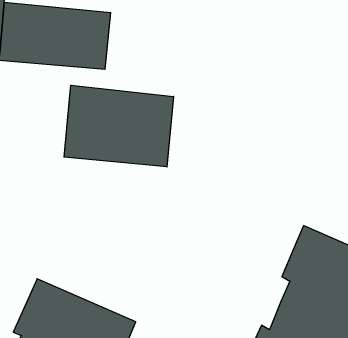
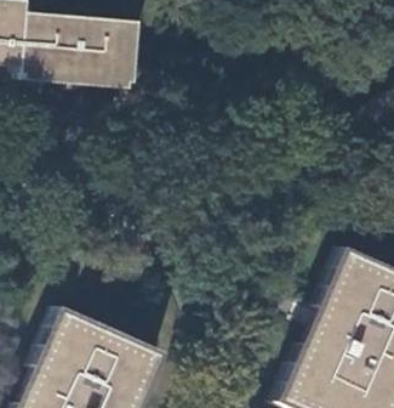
building: [64,85,173,167] -> none

